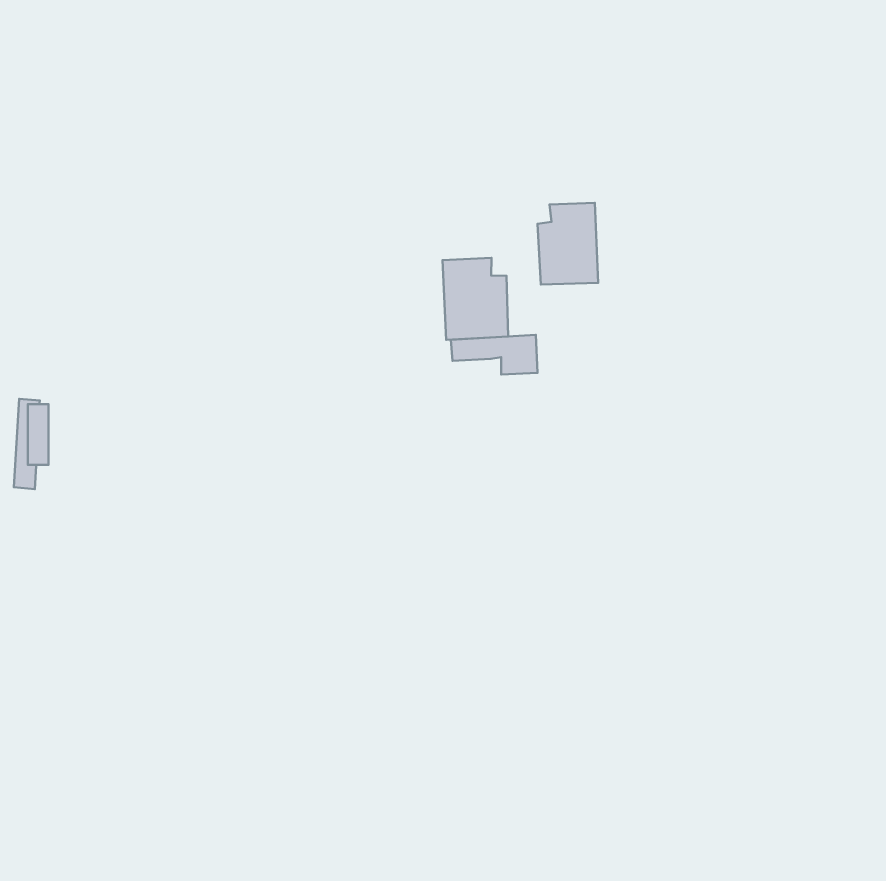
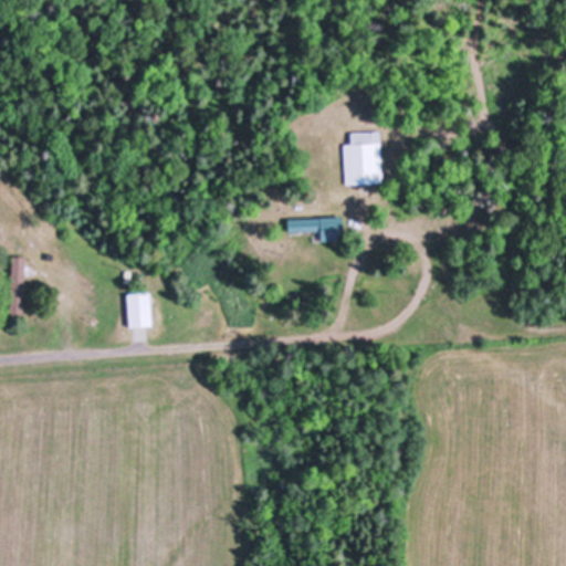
building: [443,258,508,340] -> none
building: none -> [126,294,151,328]

